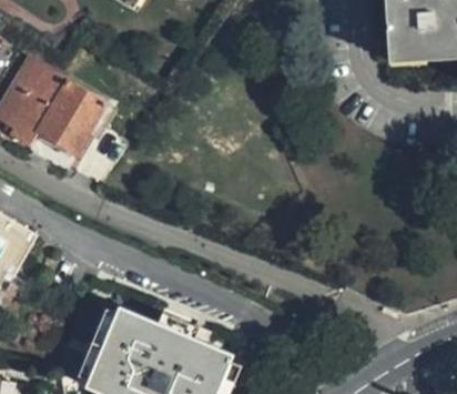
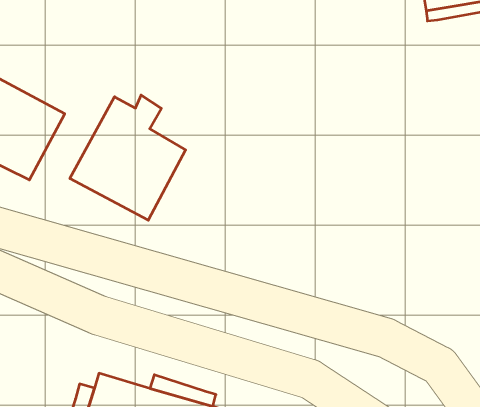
building: none -> [70,95,186,220]

